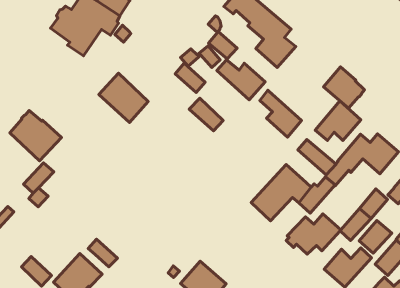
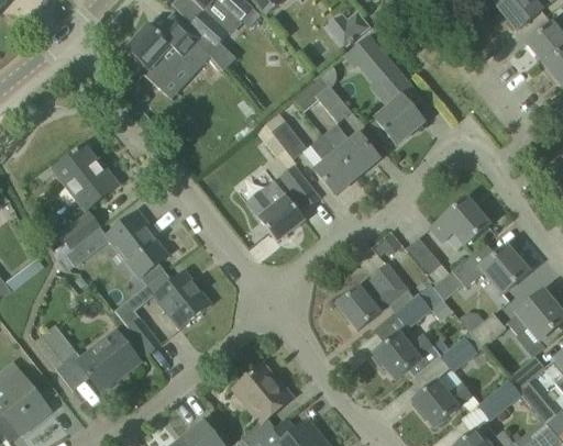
building: [323,67,365,108] -> none
building: [99,73,148,122] -> [245,179,305,242]
building: [260,90,302,137] -> [308,133,355,194]
building: none -> [103,211,167,279]
building: none -> [134,269,211,328]
building: [359,220,392,253] -> none

